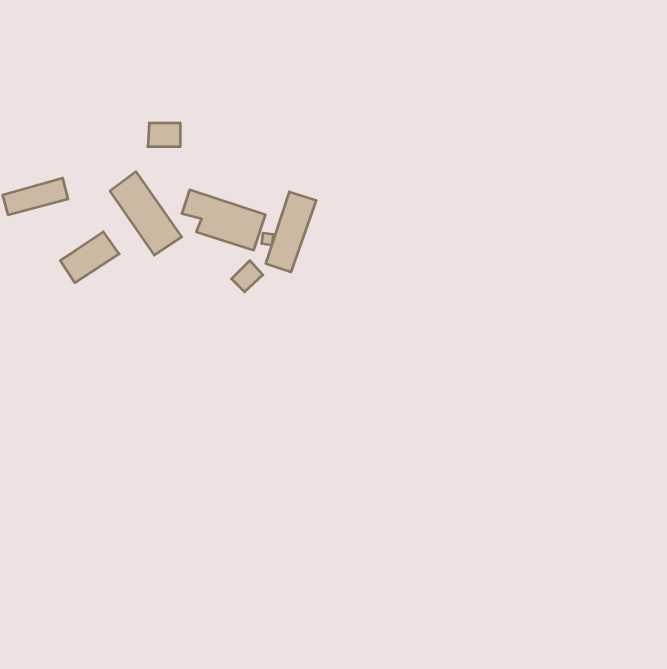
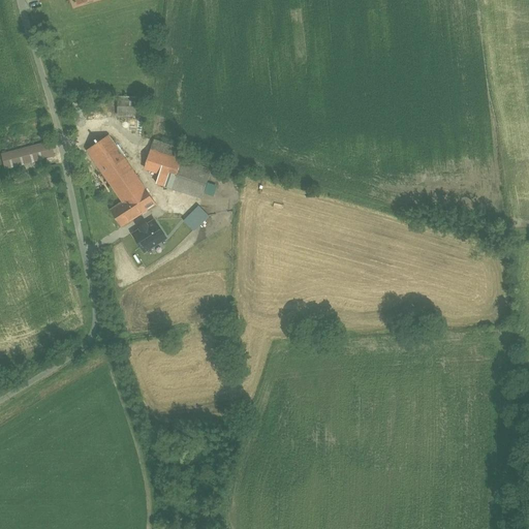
building: [266,192,316,272] -> none
building: [60,232,119,283] -> [110,187,156,227]
building: none -> [132,220,165,252]

